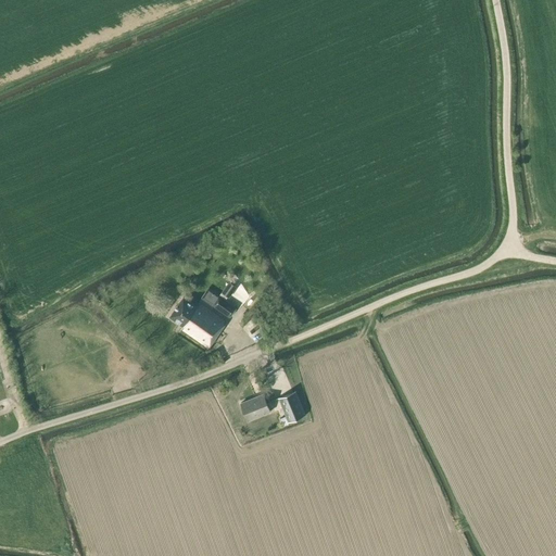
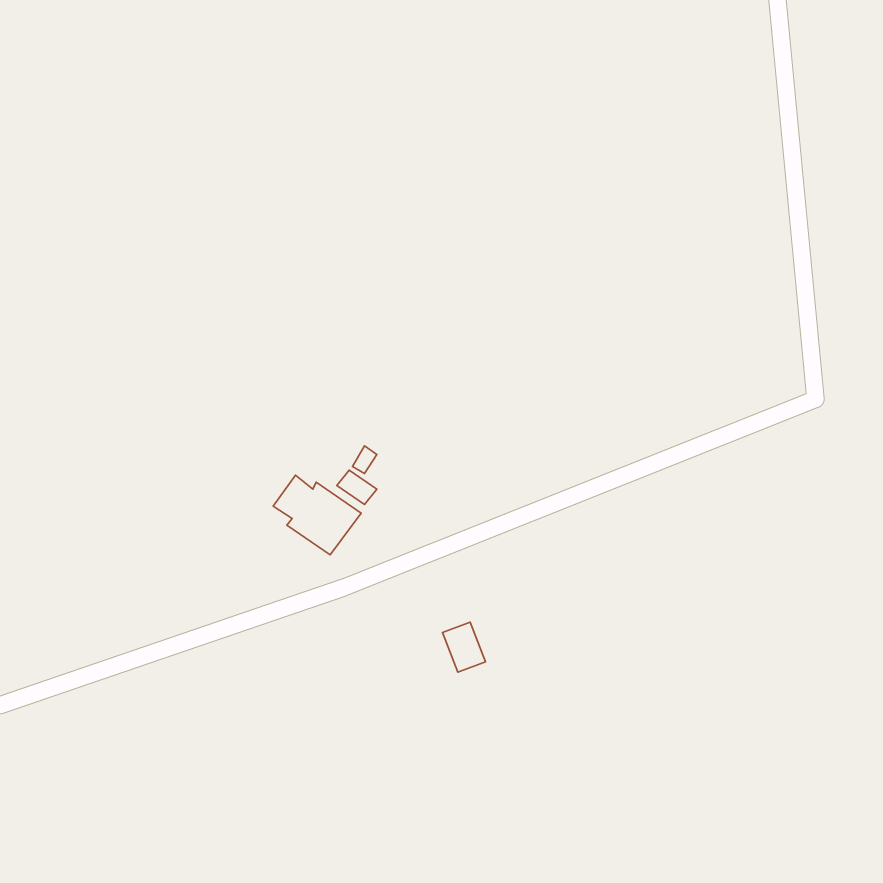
building: [240,394,270,421] -> none

